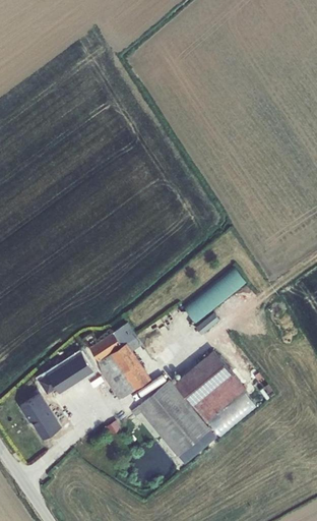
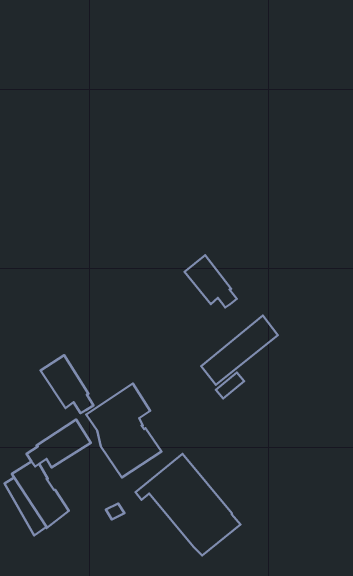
building: none -> [184,255,237,308]
building: none -> [41,355,94,413]
building: [174,348,246,420] -> none

